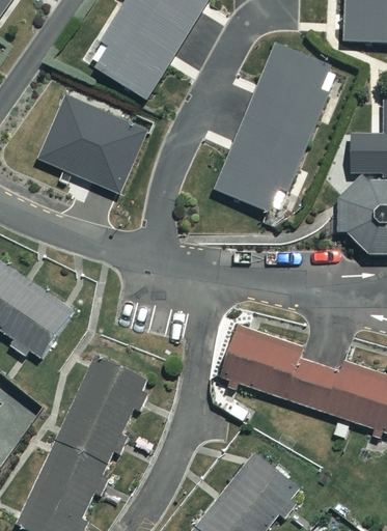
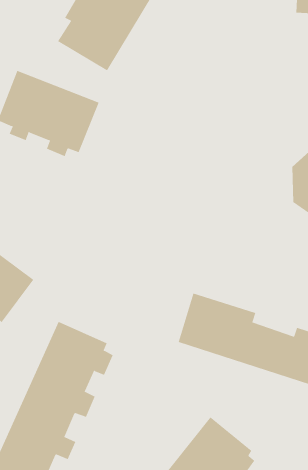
building: [216,46,339,215] -> none

